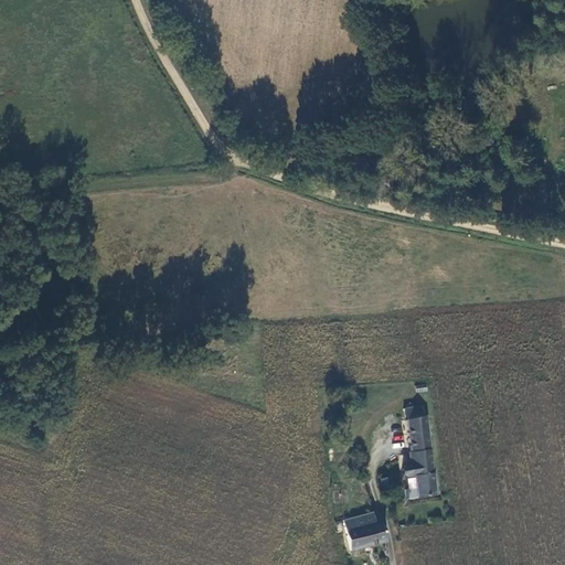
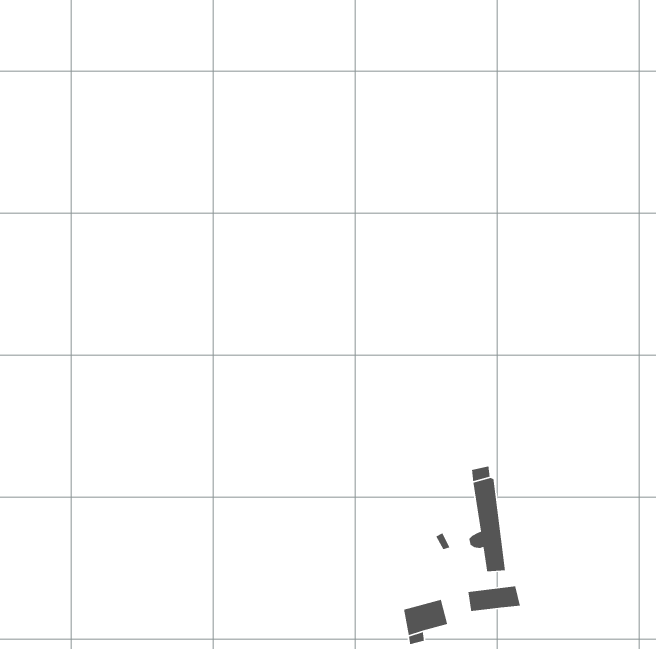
building: none -> [467,586,521,612]

